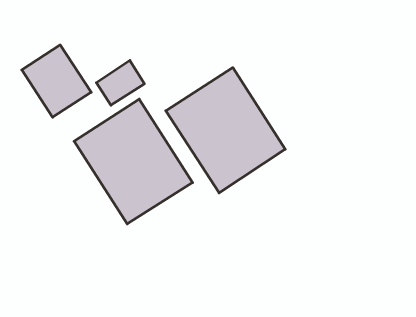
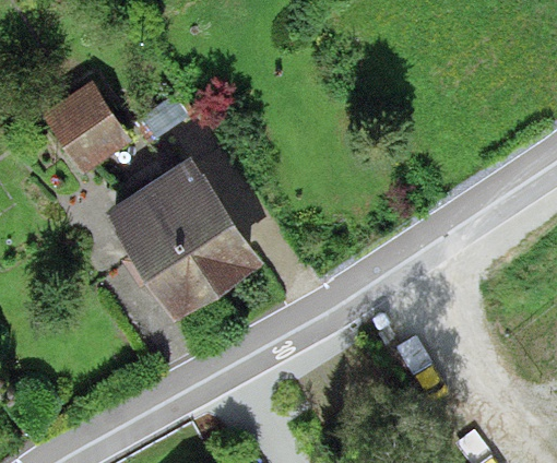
building: [166,68,285,193] -> none

